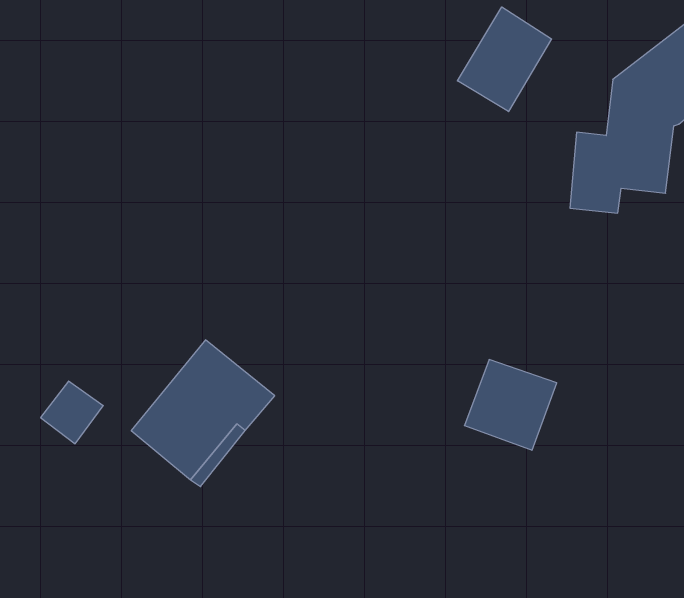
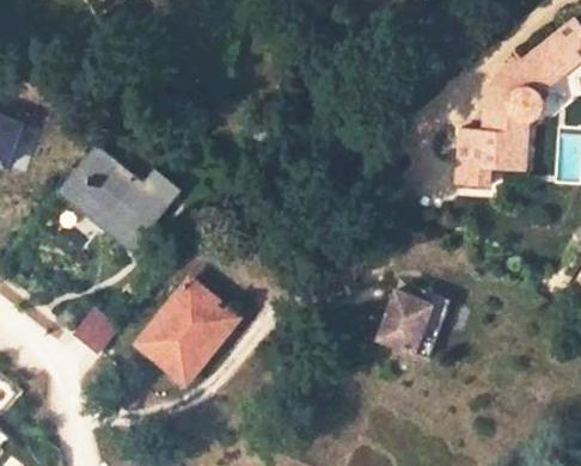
building: [457,7,552,112] -> none
building: none -> [57,143,181,251]

